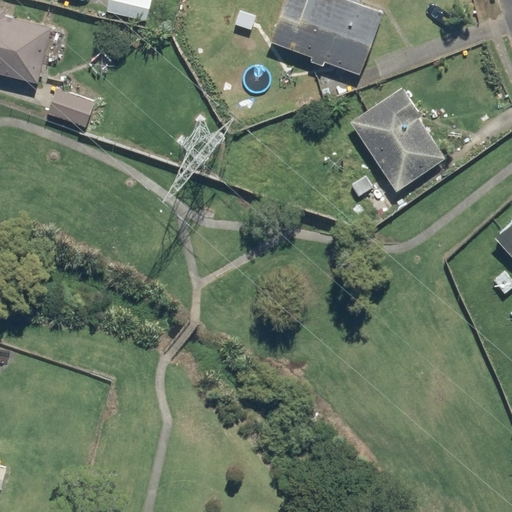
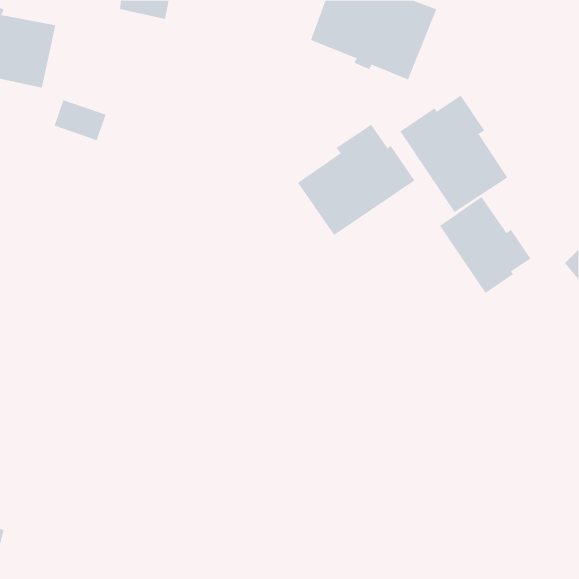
building: none -> [297,124,415,236]
building: none -> [439,196,531,294]

